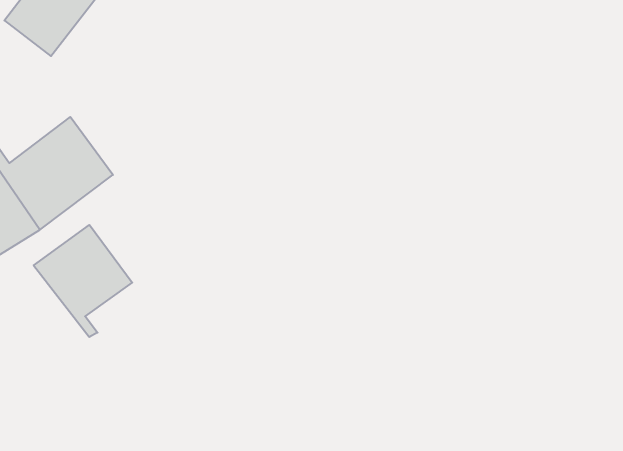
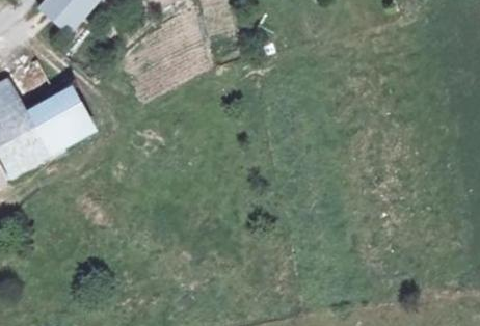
building: [34,225,132,337] -> none

